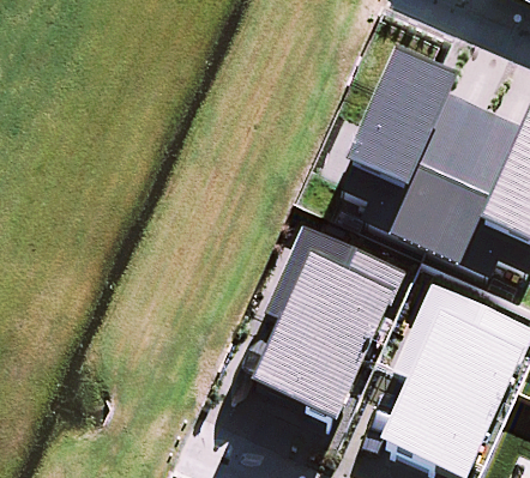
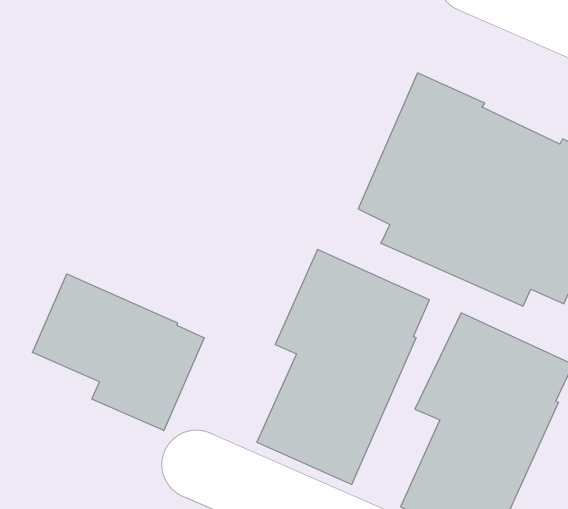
building: none -> [32,274,204,431]

